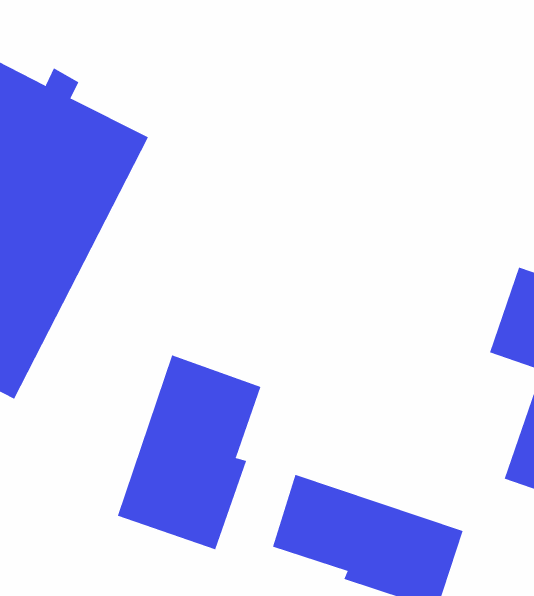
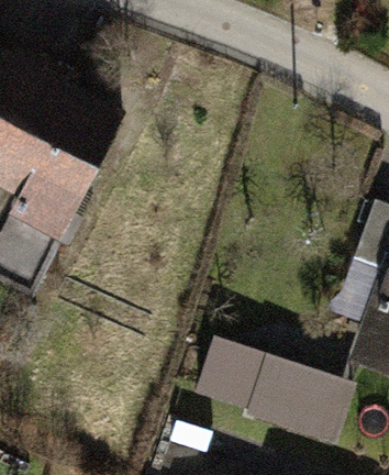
building: [117,355,261,550] -> none

